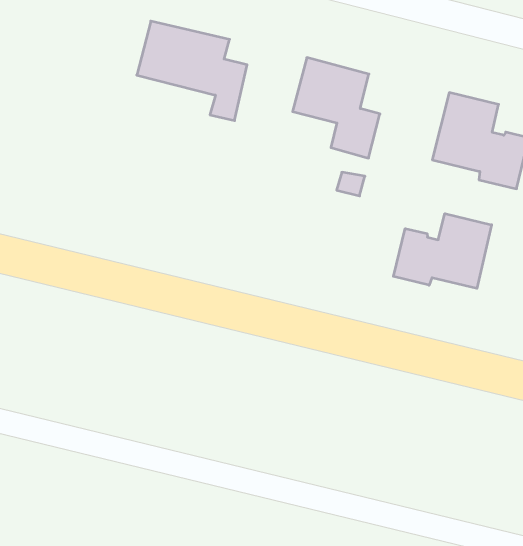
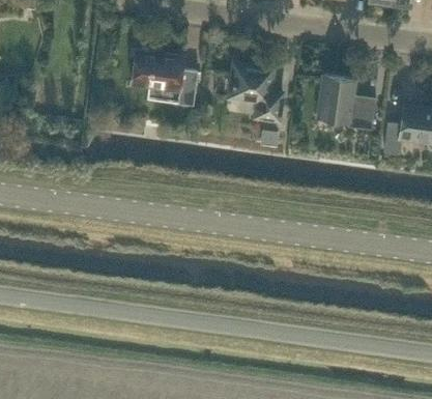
building: [393,214,492,288] -> none

